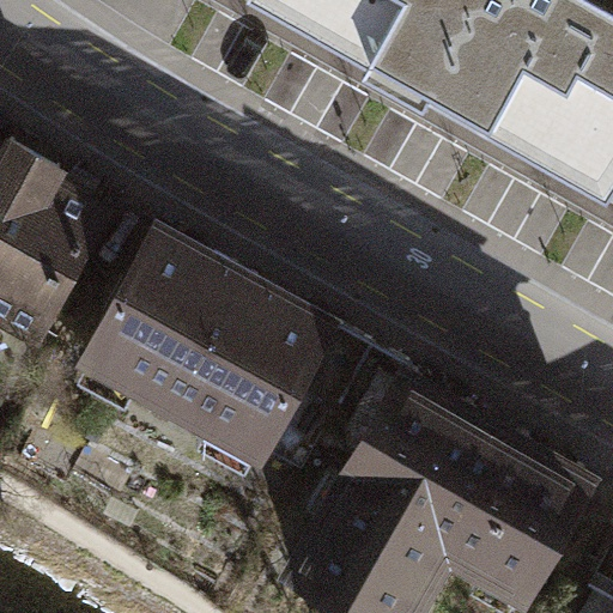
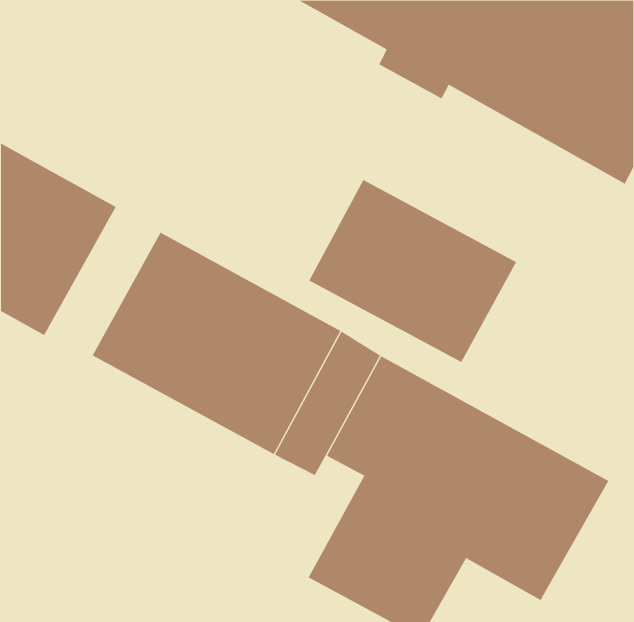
building: none -> [309,179,517,363]

